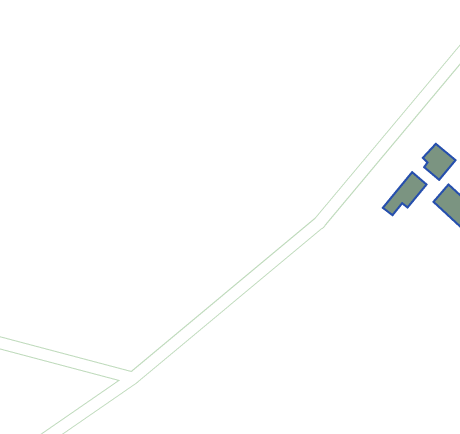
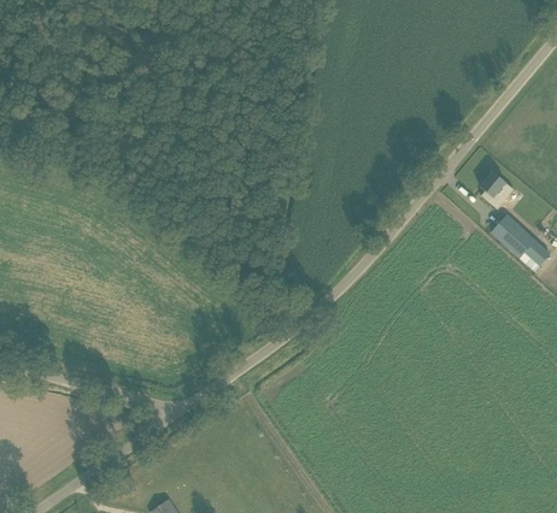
building: [383,172,426,215] -> none

